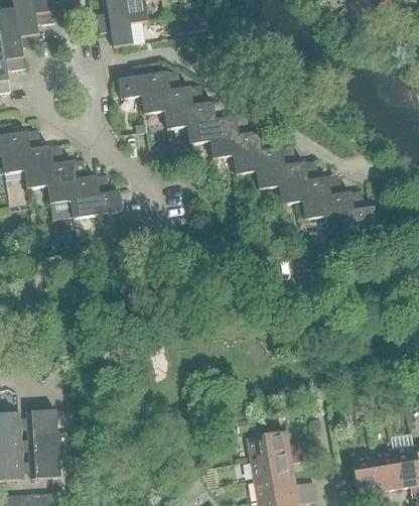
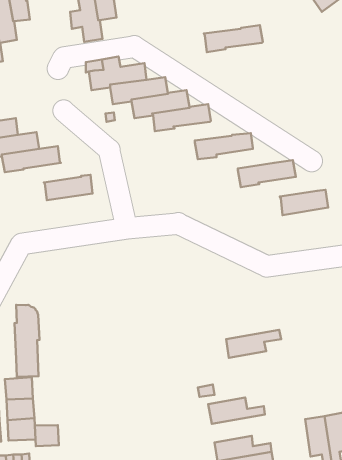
building: [208,129,272,158] -> [204,25,263,52]
building: [255,159,317,188] -> none
building: [46,174,109,203] -> none
building: [300,189,364,219] -> none
building: none -> [15,305,39,377]
building: [250,450,309,480] -> [226,330,281,358]
building: none -> [35,425,59,446]

